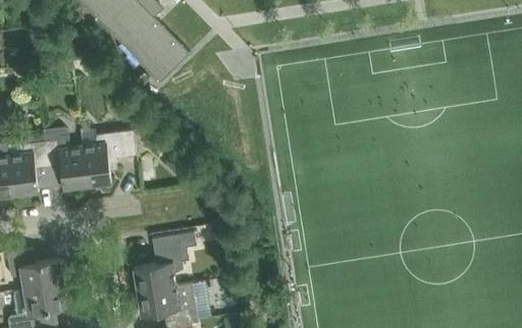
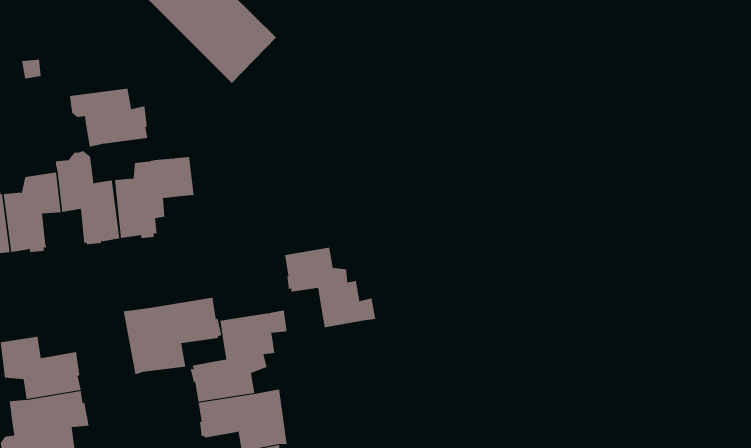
building: none -> [69,88,148,147]
building: none -> [284,247,376,328]
building: none -> [123,297,222,375]

